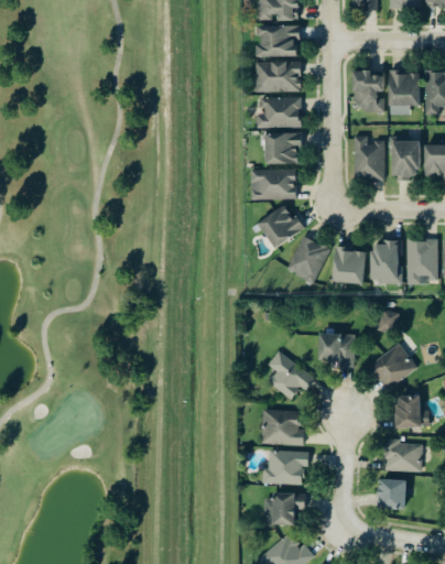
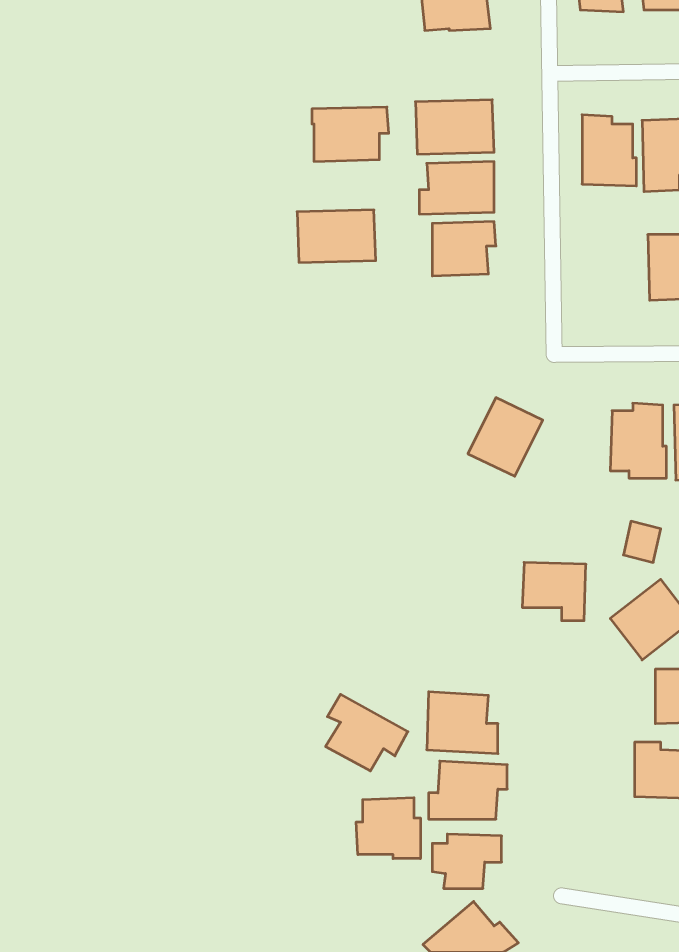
building: [256,24,301,56] -> [312,107,389,161]
building: [354,135,384,180] -> none
building: [250,169,296,199] -> [297,210,376,262]
building: [257,205,304,248] -> none
building: [332,249,363,283] -> none
building: [267,352,315,398] -> [326,694,408,771]
building: none -> [356,798,420,859]
building: [377,479,404,509] -> none

